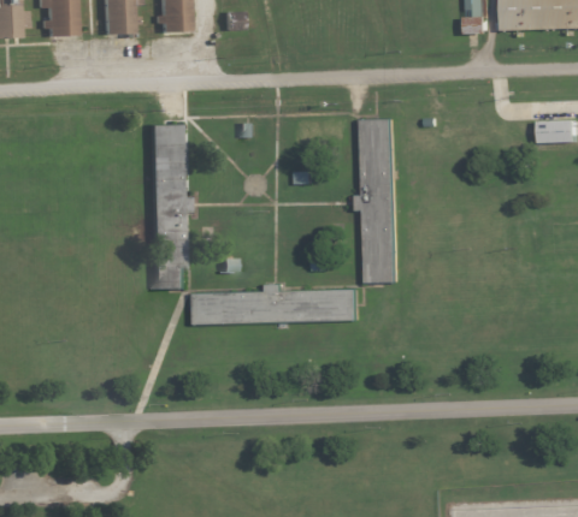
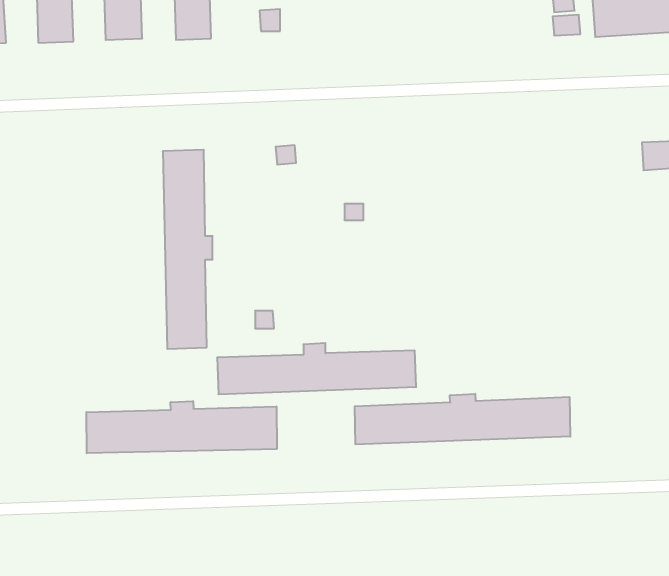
building: [356,117,396,283] -> none
building: none -> [355,394,570,444]
building: none -> [86,401,277,453]

